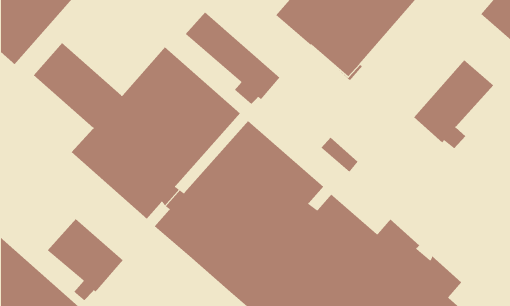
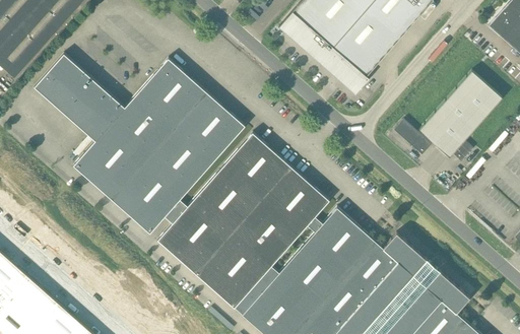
building: [185,12,280,105] -> none
building: [320,137,358,173] -> [393,119,432,155]
building: [47,218,124,301] -> none

